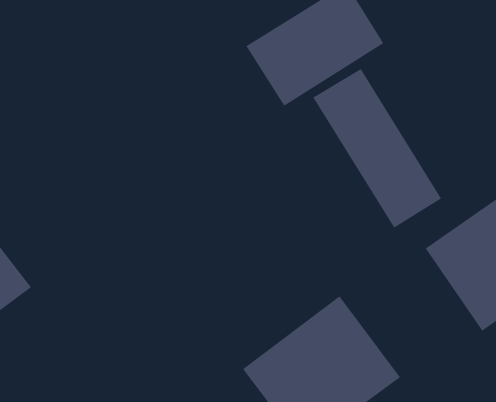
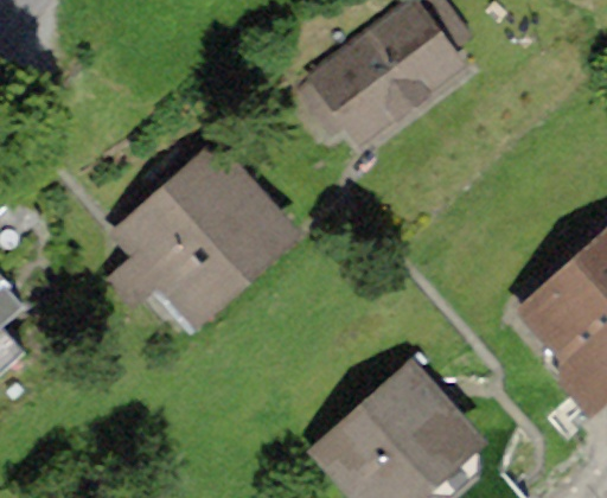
building: [312,68,442,229] -> none
building: none -> [111,140,300,325]

